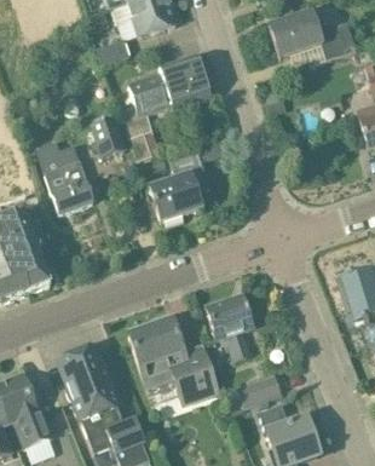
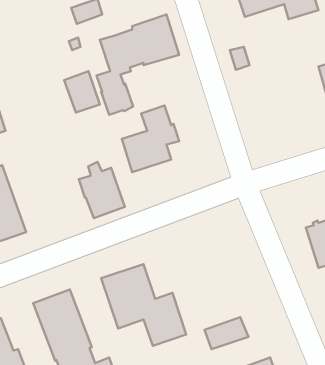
building: [45,154,93,213] -> [79,162,125,218]
building: [203,295,250,361] -> none

